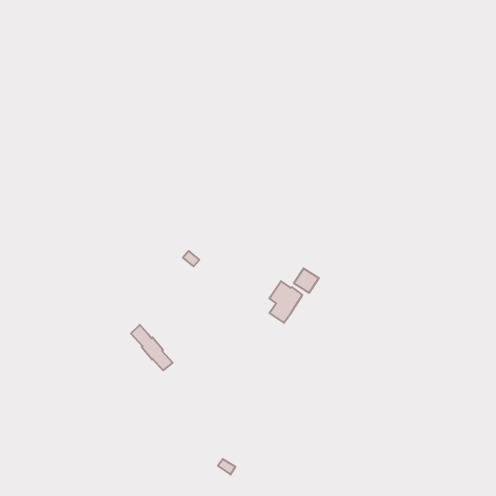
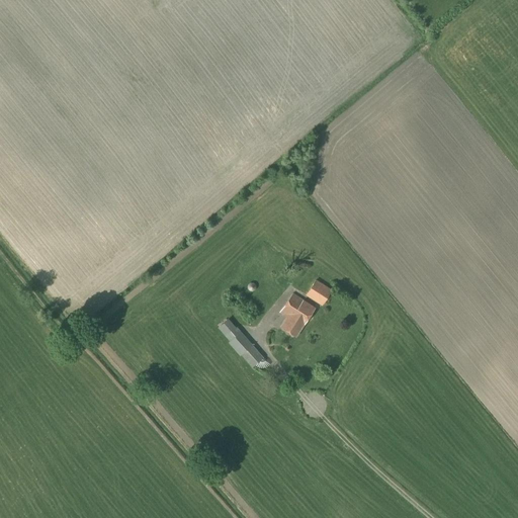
building: [131,325,173,370] -> [220,318,263,365]

